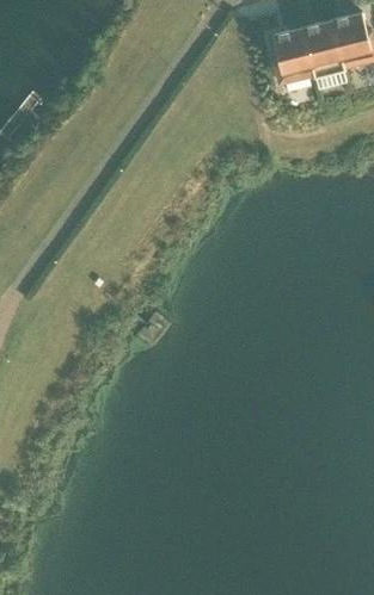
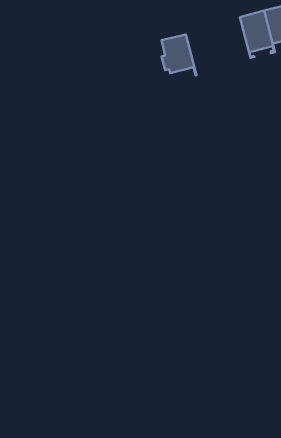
building: [271,27,314,78] -> [161,34,196,75]

